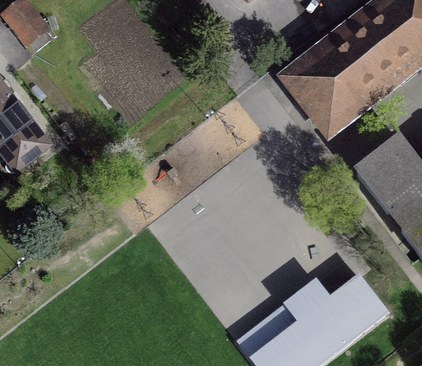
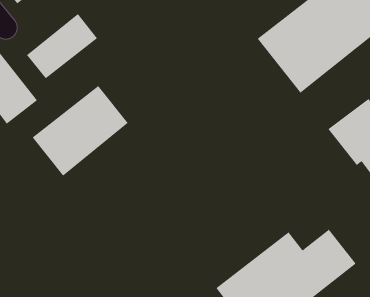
building: none -> [26,13,98,79]
building: none -> [32,85,128,177]

